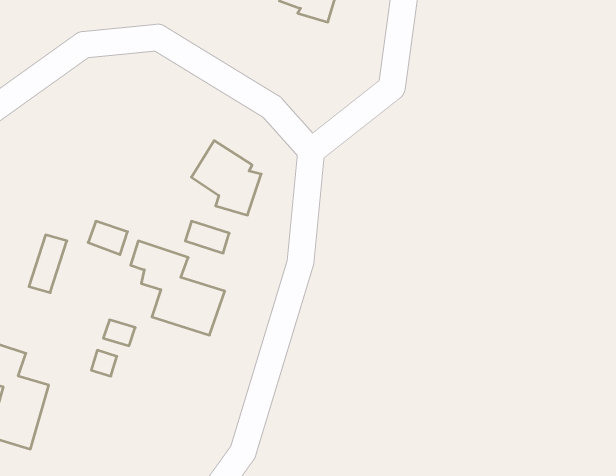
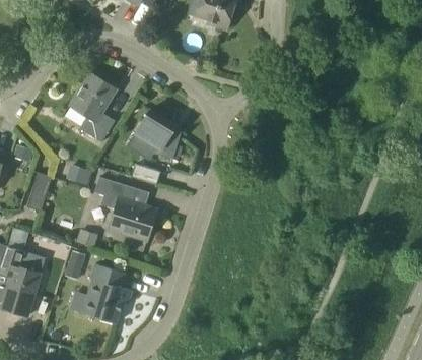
building: none -> [69,72,117,142]
building: none -> [82,264,132,323]

